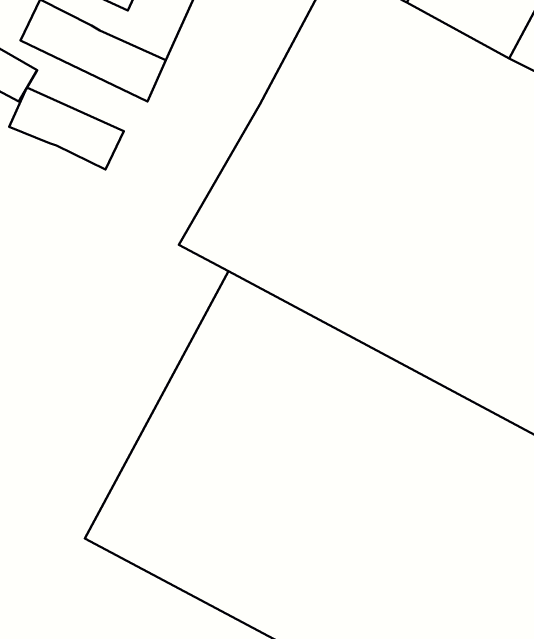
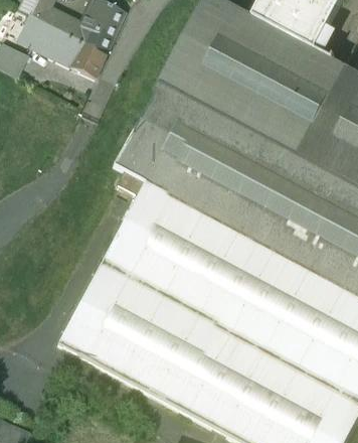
building: [9,88,124,169] -> none

